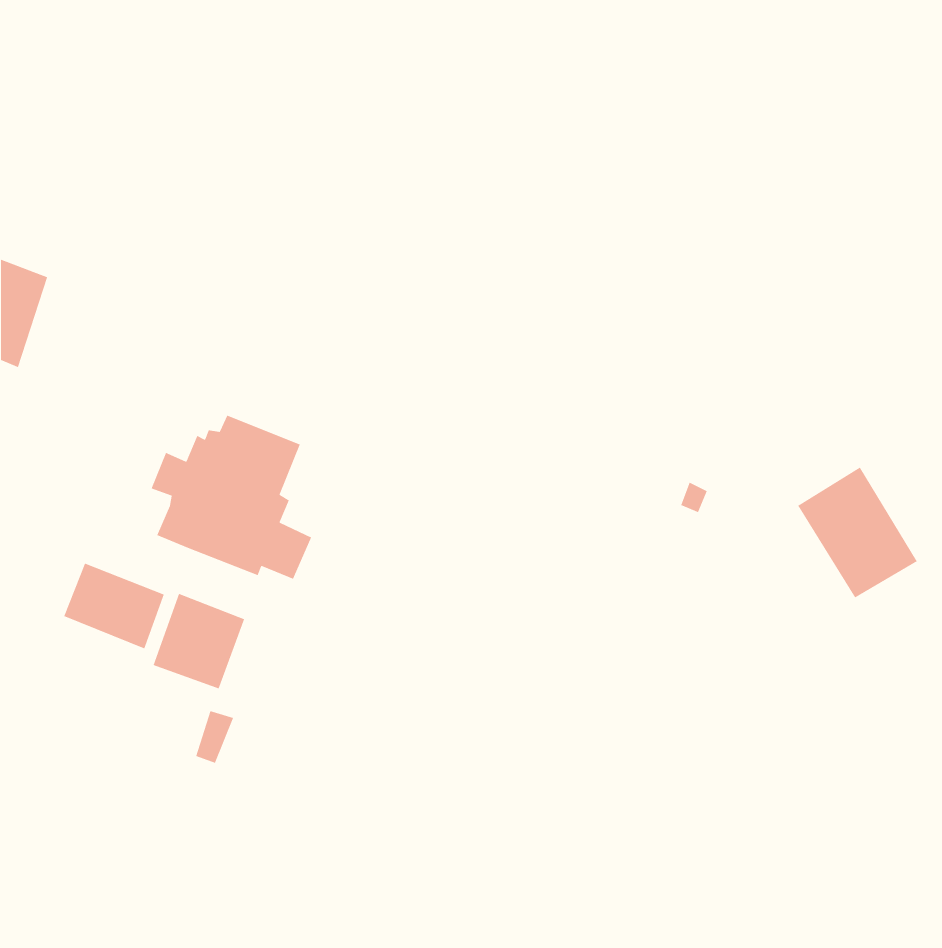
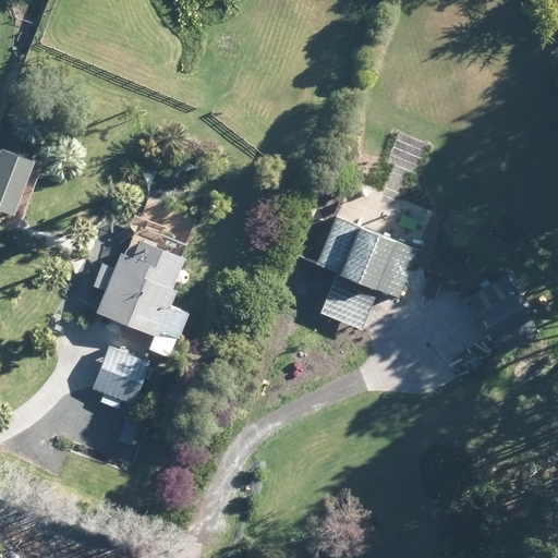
building: none -> [314,214,414,325]
building: [63,563,165,650] -> none

